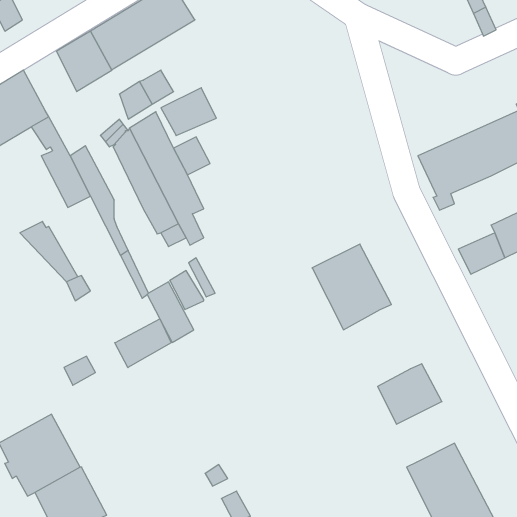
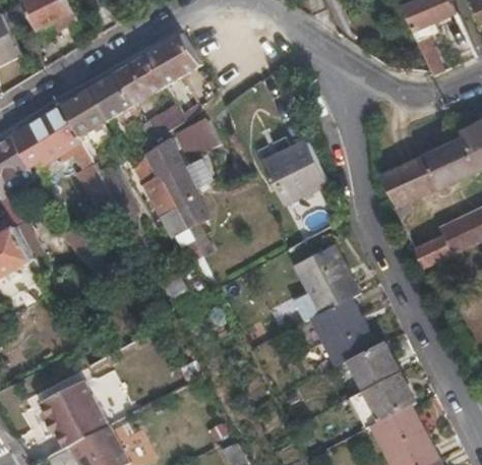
building: none -> [61,89,104,136]
building: none -> [260,139,326,205]
building: none -> [309,297,373,366]
building: [115,319,171,368] -> none
building: none -> [362,371,414,420]

